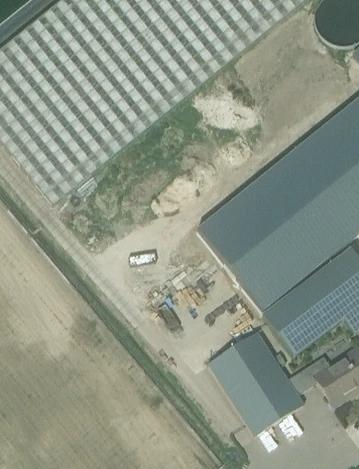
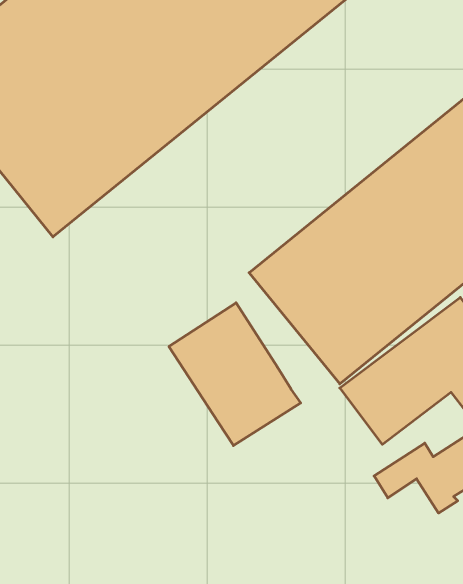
building: [207,331,303,435] -> [169,303,301,446]

